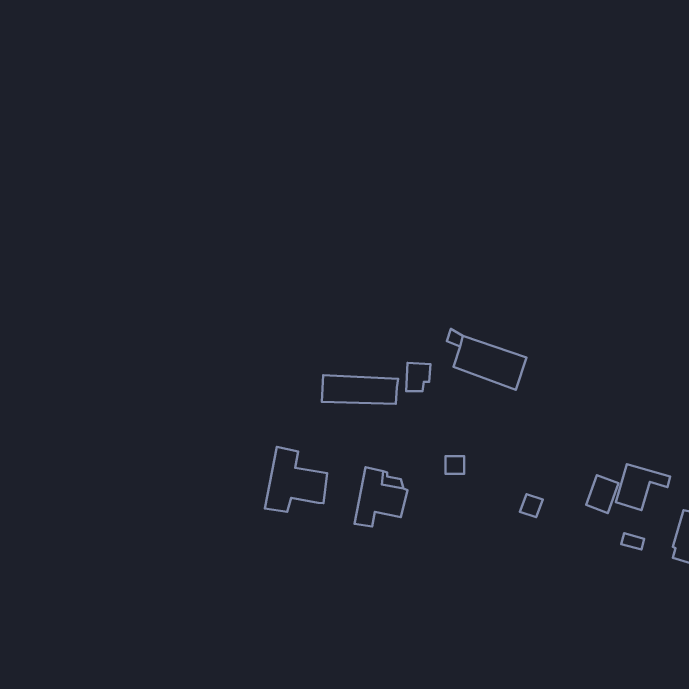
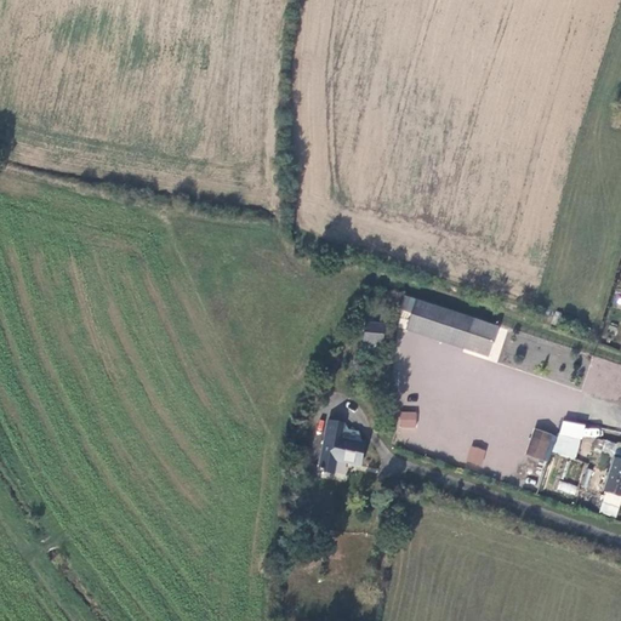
building: none -> [465,320,498,357]
building: [322,375,398,404] -> none
building: [265,447,327,512] -> none

